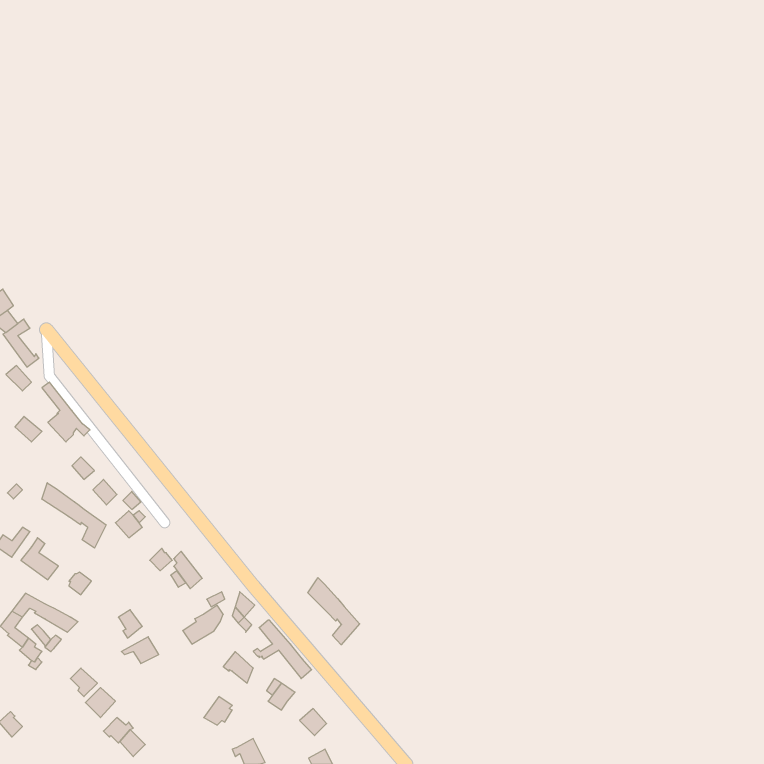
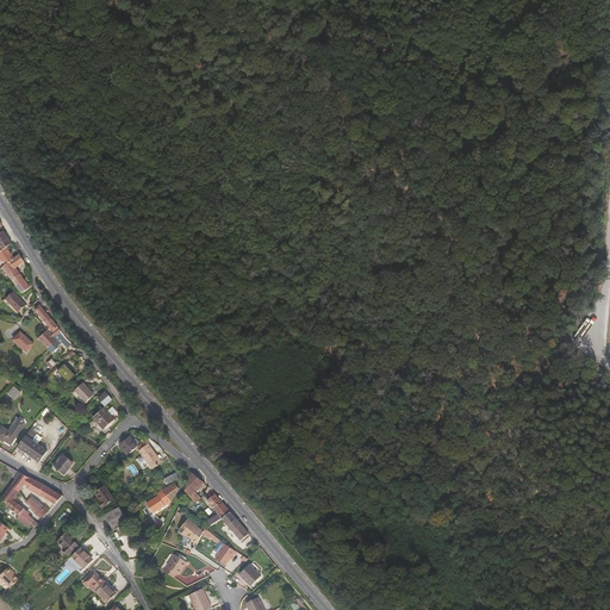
building: [42,483,106,548] -> none
building: [308,578,360,645] -> none

